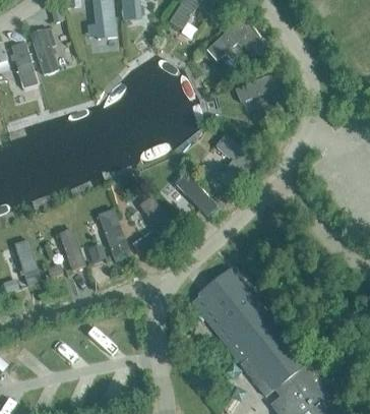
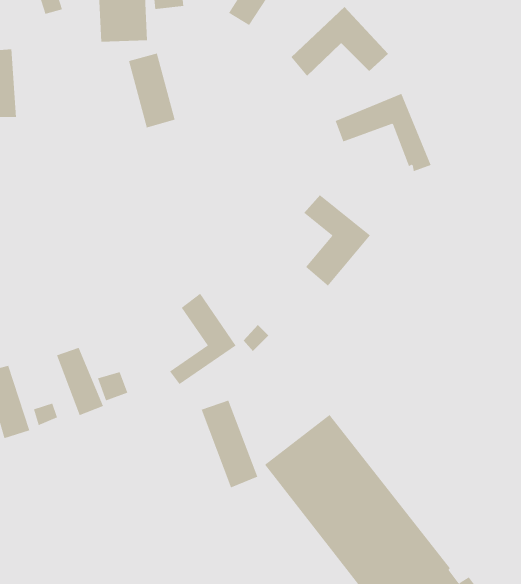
building: [33,28,62,75] -> [128,53,176,128]
building: [175,174,219,219] -> none
building: [99,209,134,263] -> [201,400,258,488]

